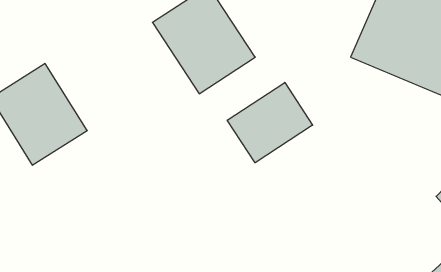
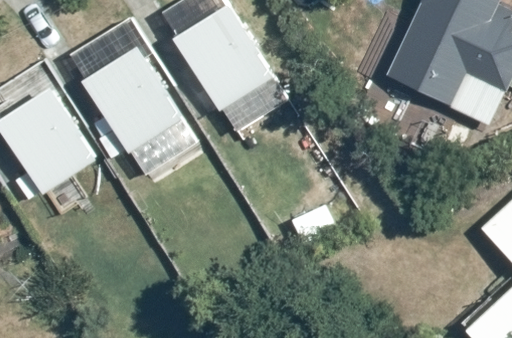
building: none -> [84,32,183,155]
building: [227,82,313,163] -> none

